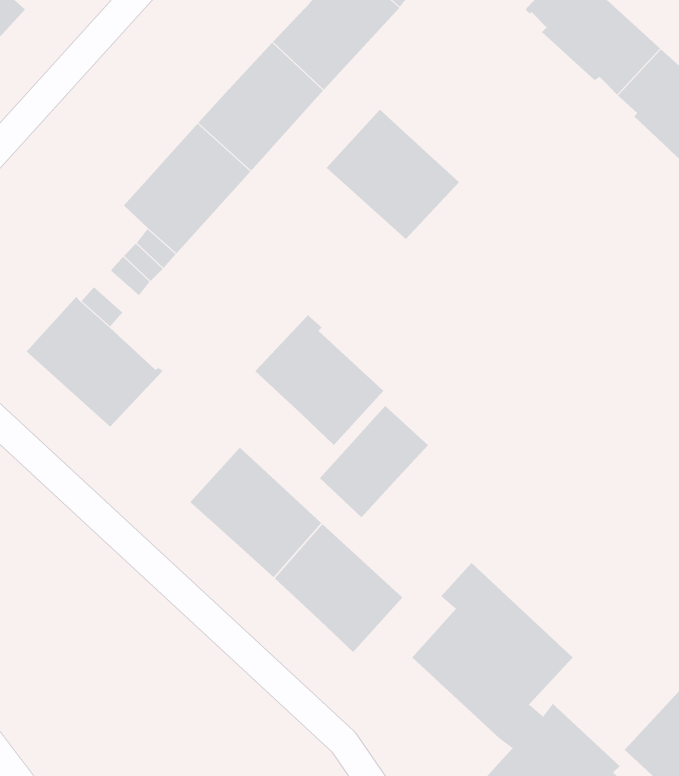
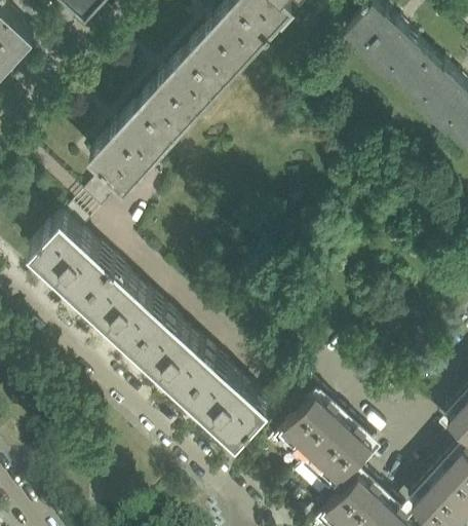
building: [326,109,460,240] -> none
building: [254,315,384,446] -> [83,266,165,349]
building: [319,405,429,518] -> none

